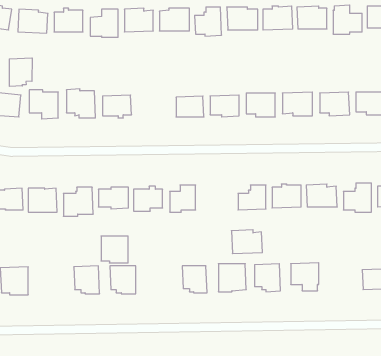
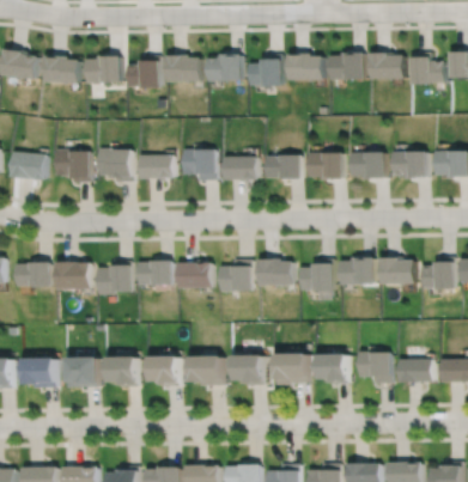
building: [9,58,32,86] -> none
building: none -> [183,150,217,181]
building: [231,230,262,254] -> [255,260,291,287]
building: [101,236,128,263] -> [192,353,223,384]
building: none -> [67,354,98,385]
building: none -> [400,358,433,380]

